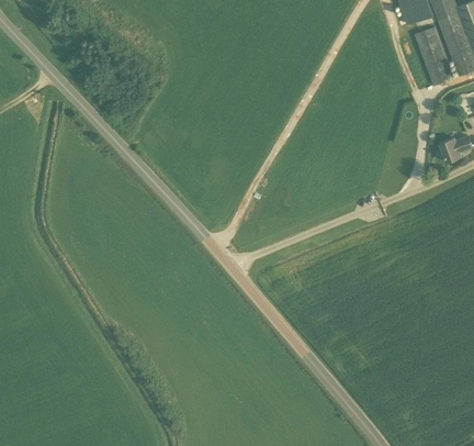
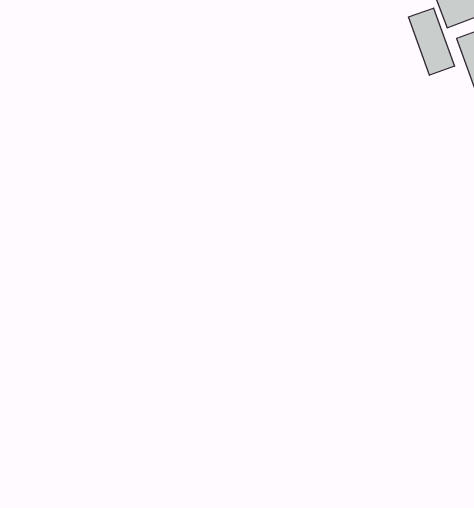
building: none -> [408,8,455,75]

